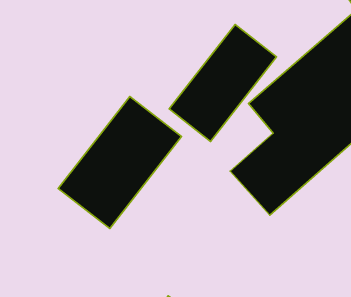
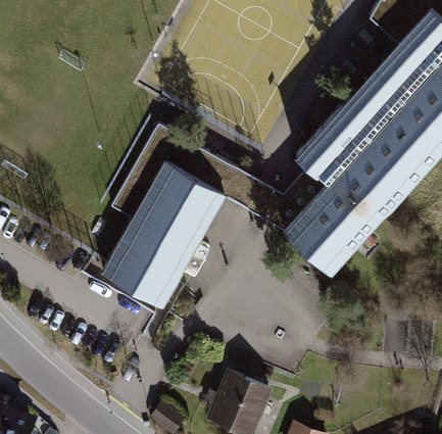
building: [169,24,277,141] -> none

